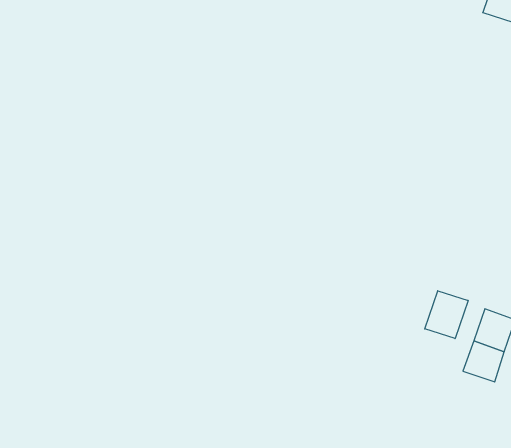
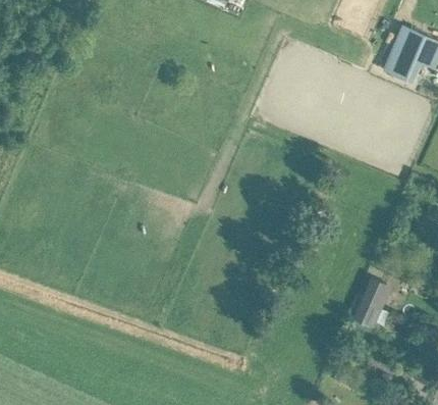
building: [425,291,468,339] -> none

